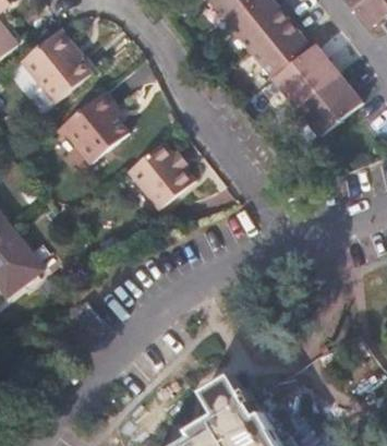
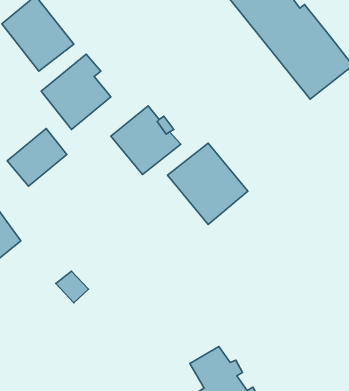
building: none -> [7,128,67,186]
building: none -> [167,143,248,224]

